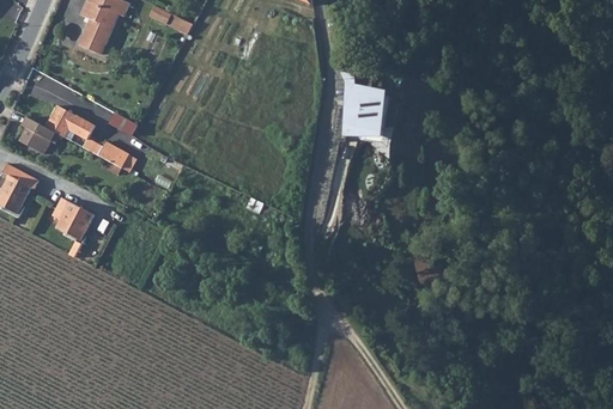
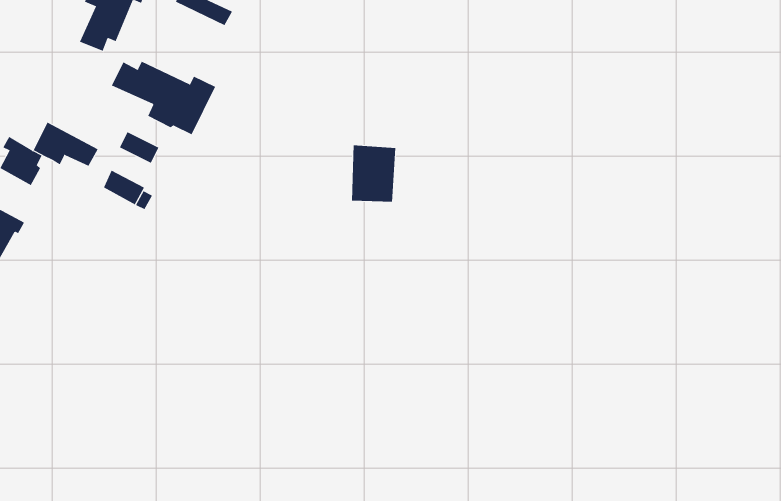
building: none -> [111,61,216,135]
building: [351,90,384,133] -> [351,145,396,202]
building: [49,197,92,256] -> none

